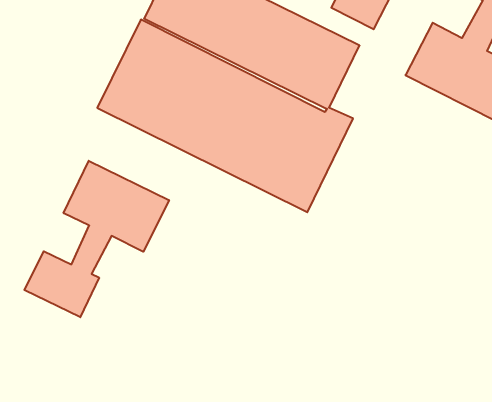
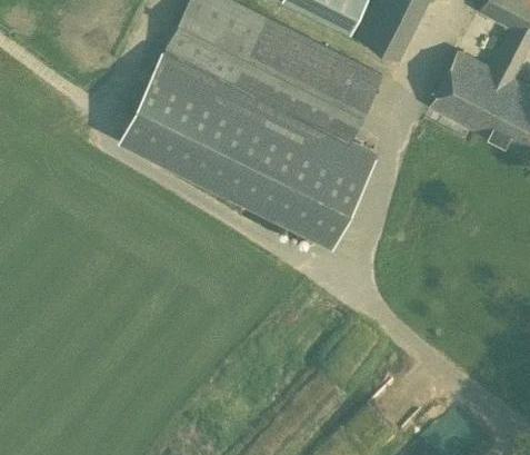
building: [24,161,169,317] -> none

